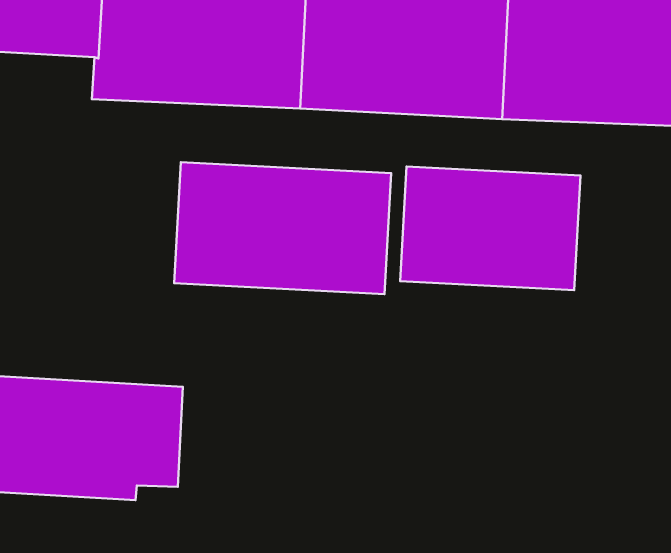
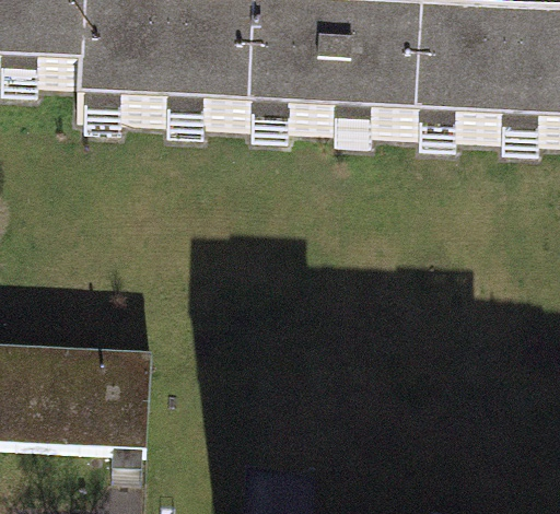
building: [174,162,391,294] -> none
building: [400,167,580,290] -> none

